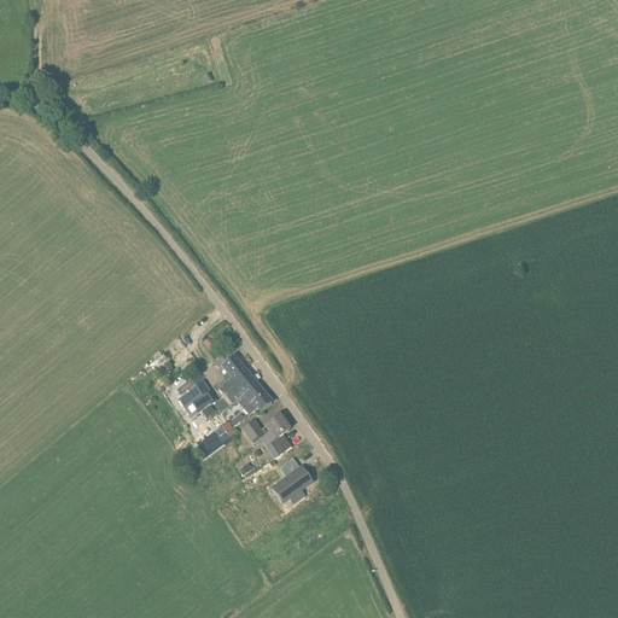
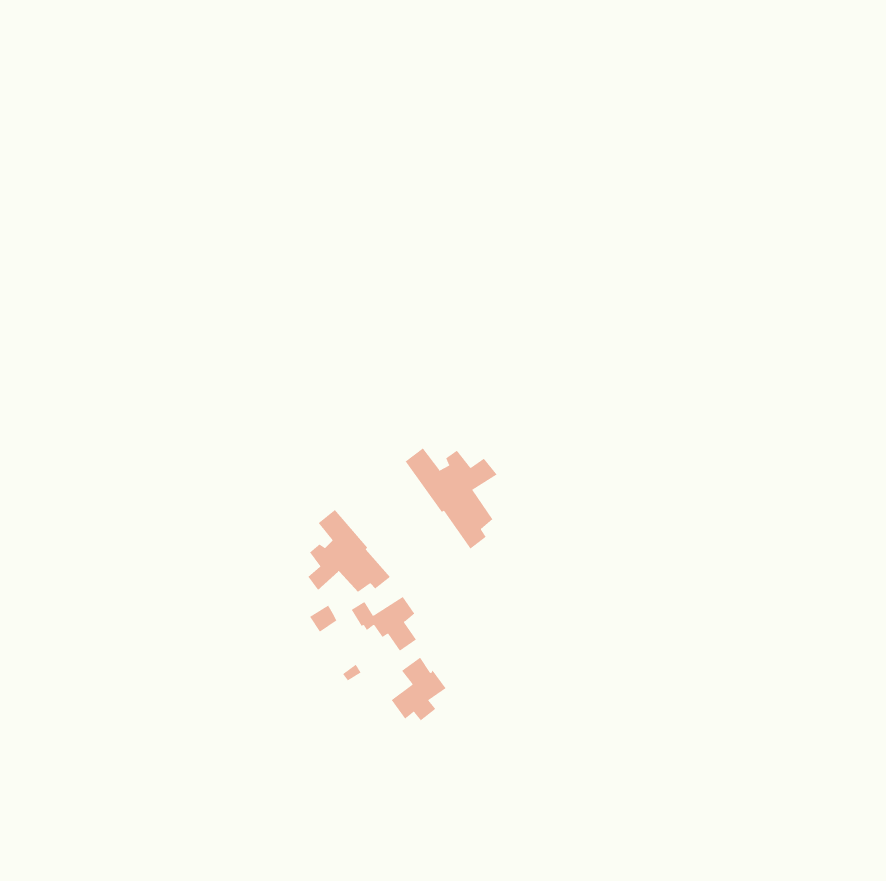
building: none -> [405,448,497,549]
building: [179,380,214,415] -> none

